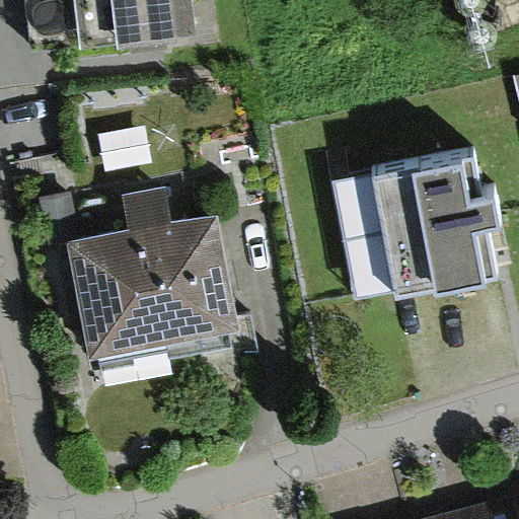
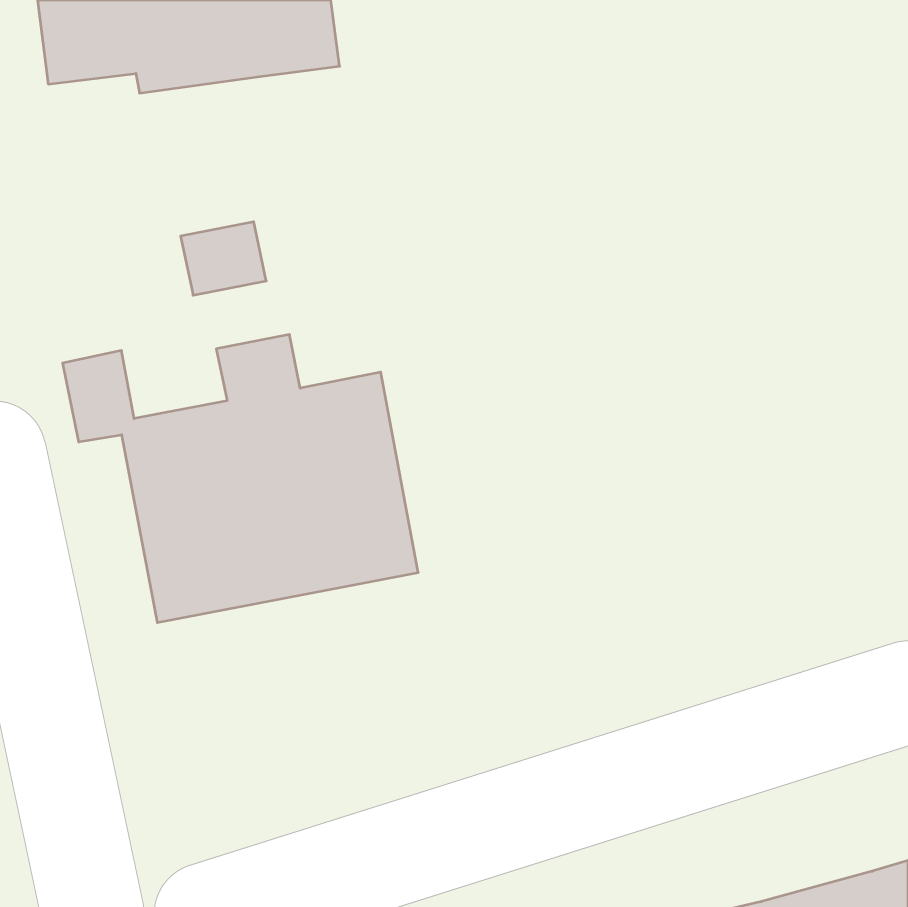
building: [335,151,502,298] -> none

